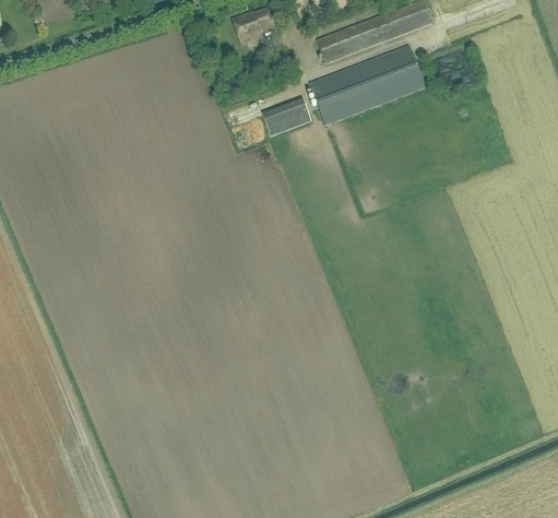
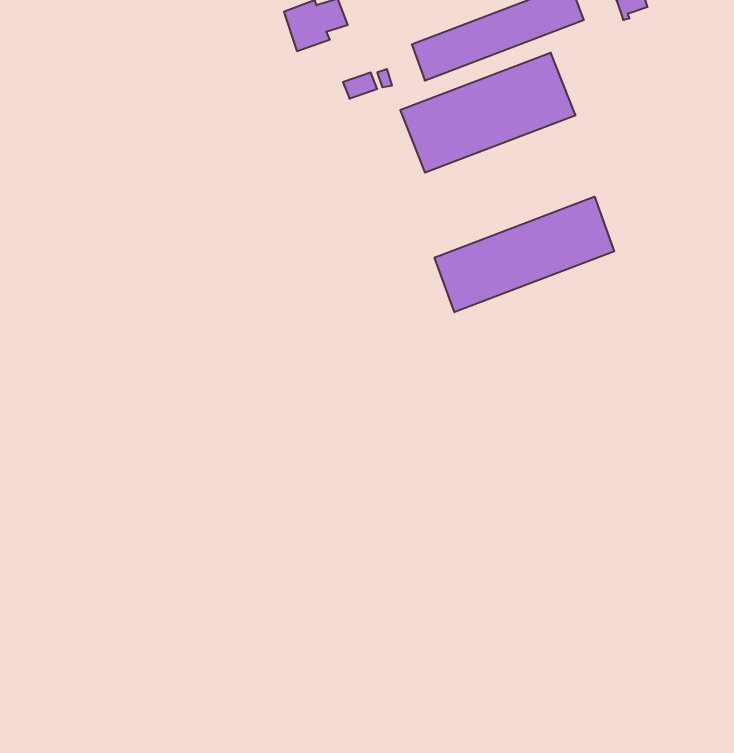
building: [263,98,311,134] -> none
building: none -> [435,197,614,312]

